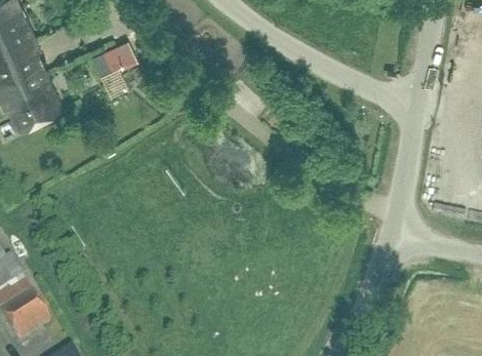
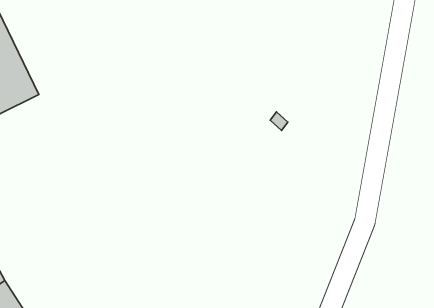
building: [91,43,137,82] -> none

